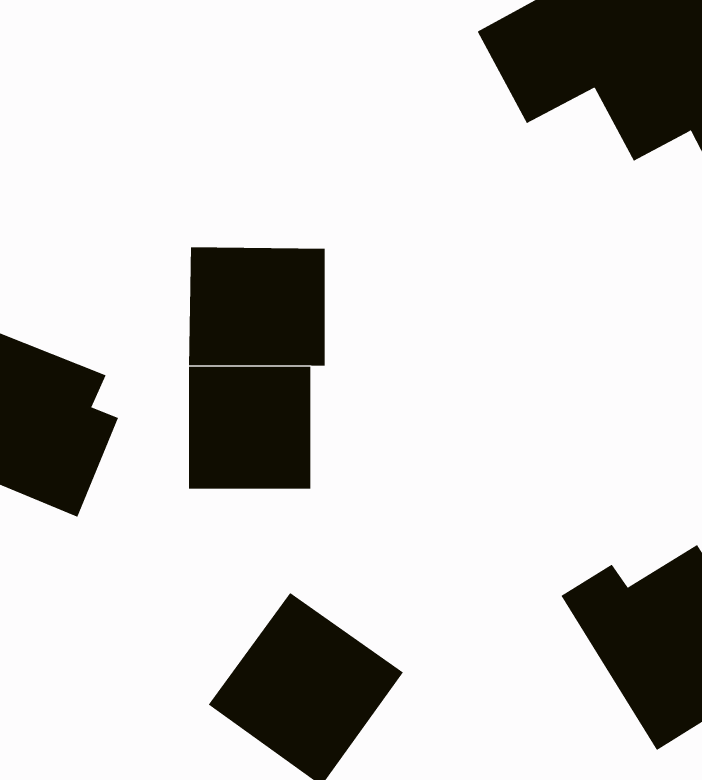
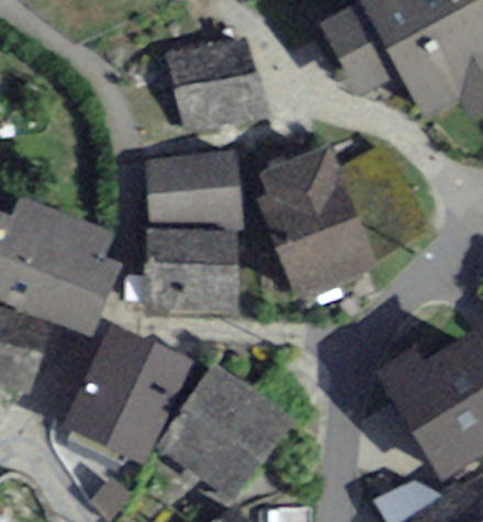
building: none -> [171,45,252,126]
building: none -> [265,156,367,291]
building: none -> [76,337,184,459]

